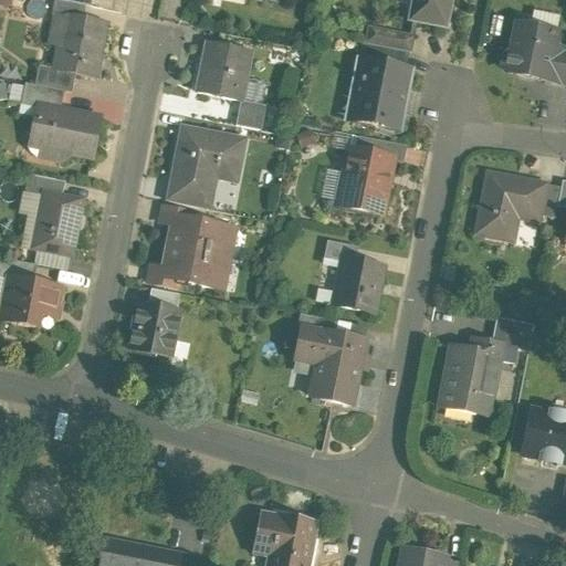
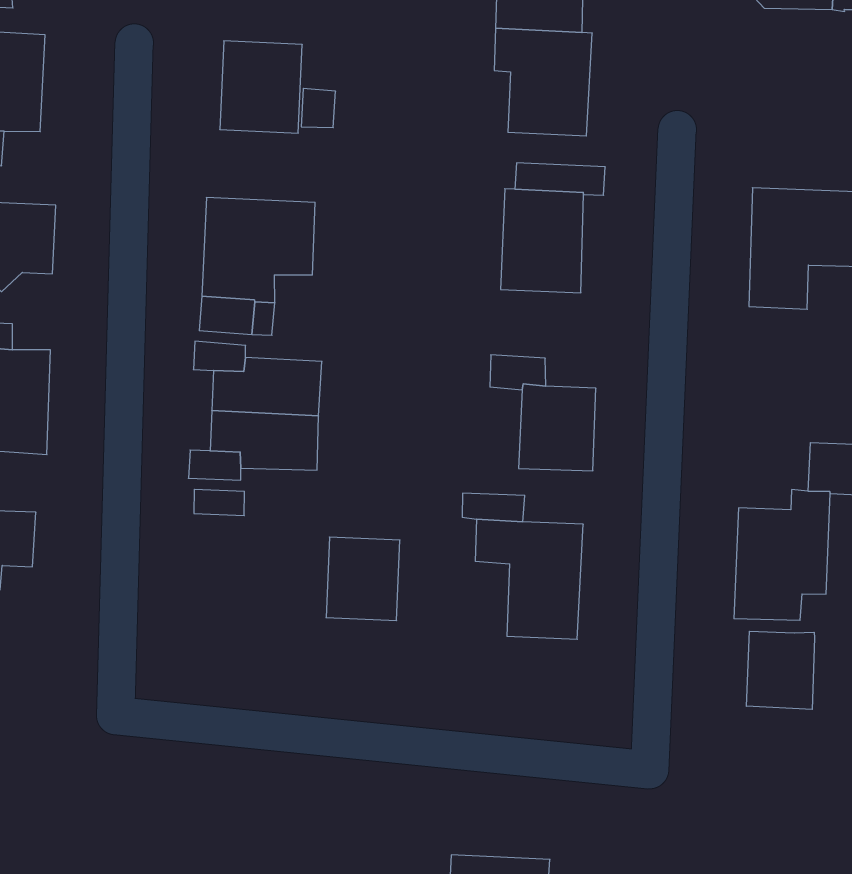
building: [235,99,265,128] -> none
building: [132,303,179,355] -> [326,537,400,621]
building: none -> [746,631,815,709]

